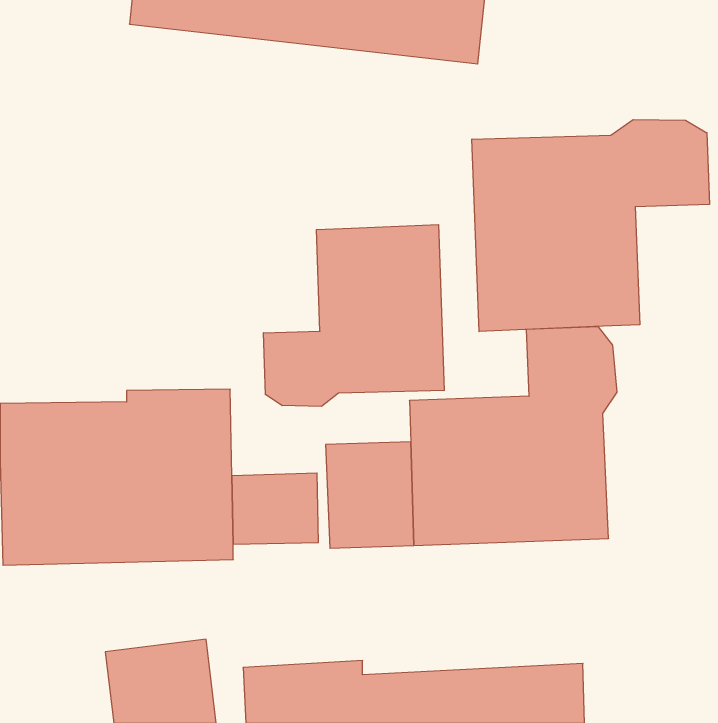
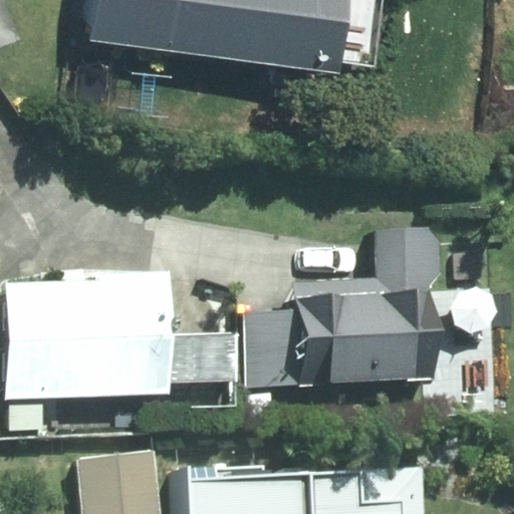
building: [472,120,709,332] -> none
building: [264,225,444,406] -> none

